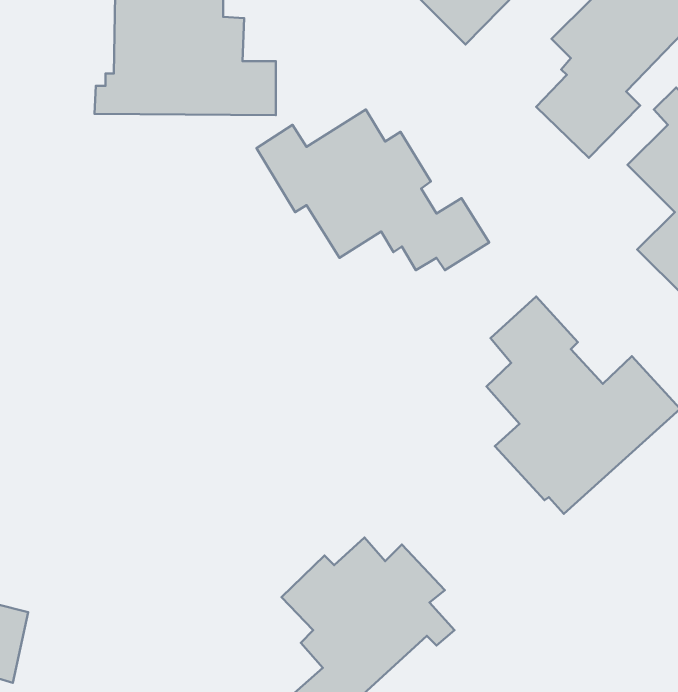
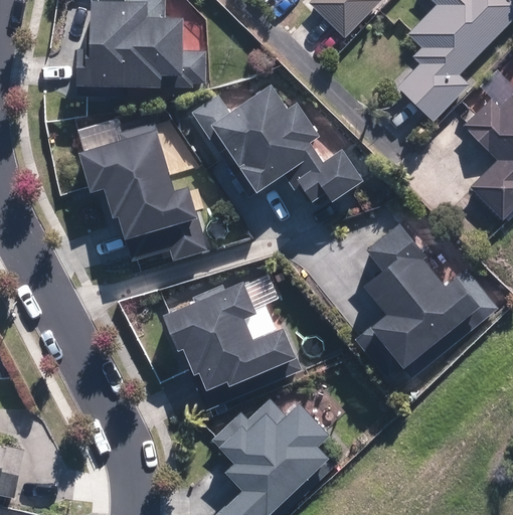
building: none -> [77,127,210,272]
building: none -> [158,280,302,390]

